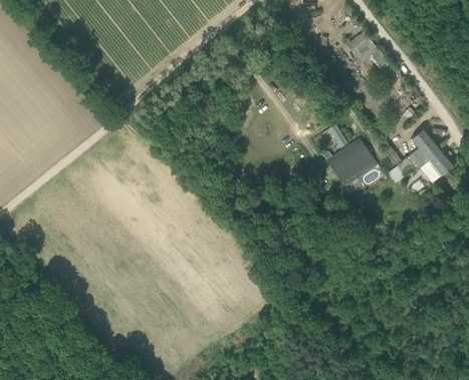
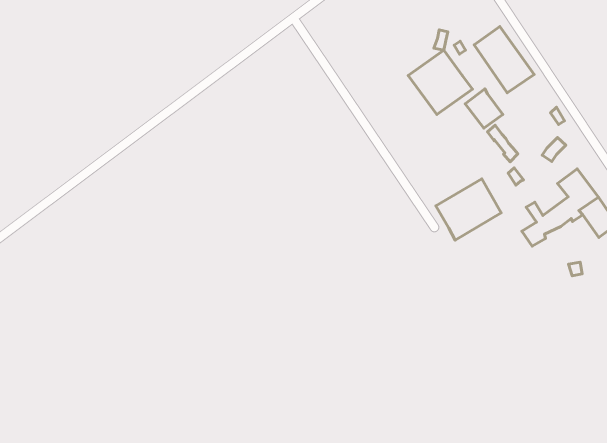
building: none -> [408,50,472,115]
building: none -> [465,89,503,128]

